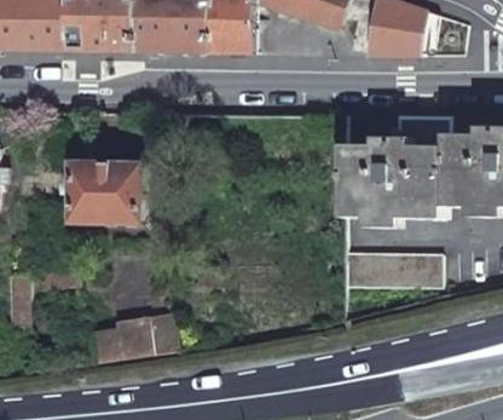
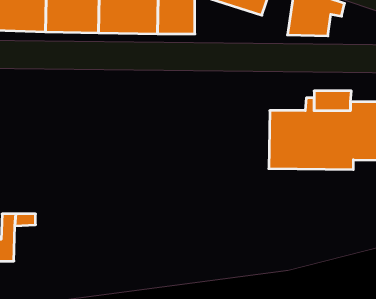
building: [64,162,144,224] -> none
building: [342,255,443,288] -> none
building: [89,317,178,366] -> none

